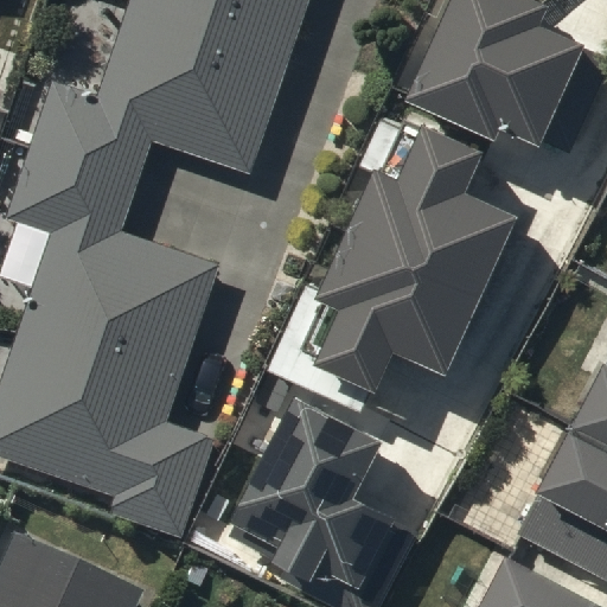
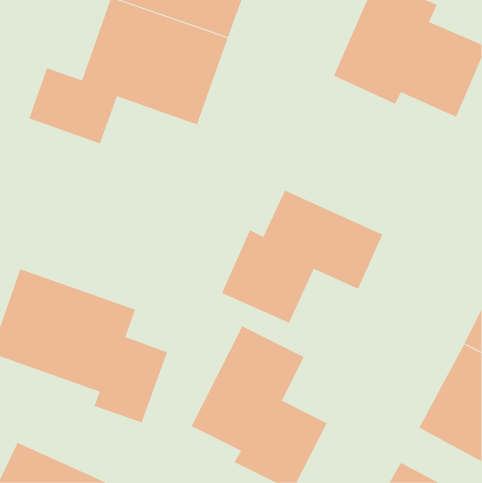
building: [356,135,513,293] -> none
building: [13,148,211,386] -> none

